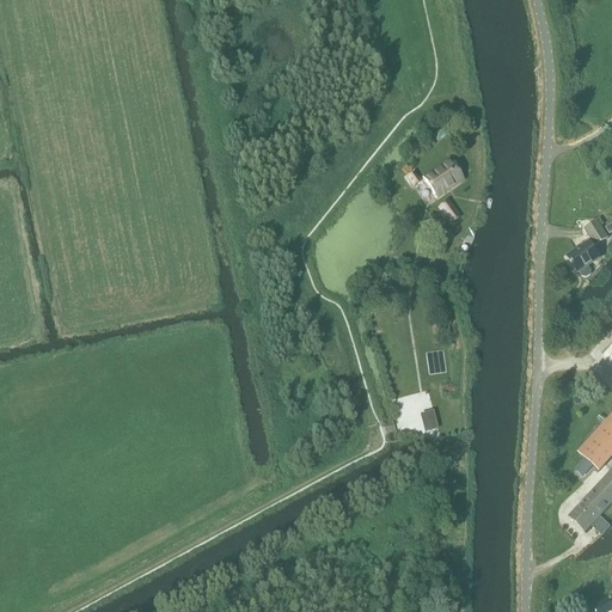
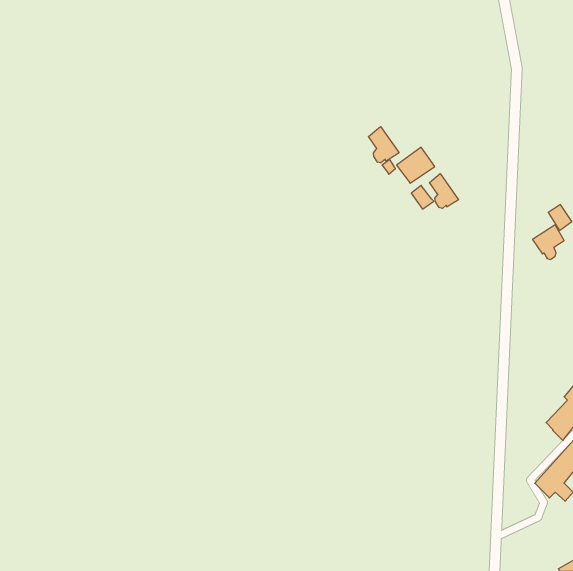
building: none -> [368,127,399,163]
building: none -> [430,174,459,208]

